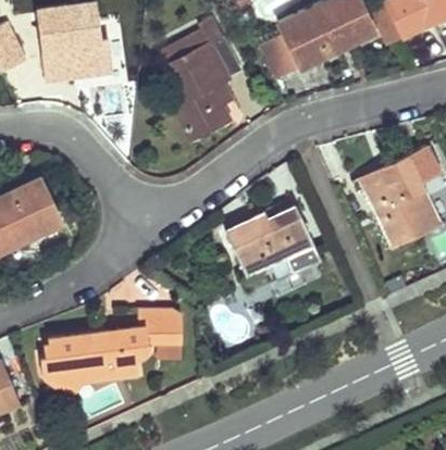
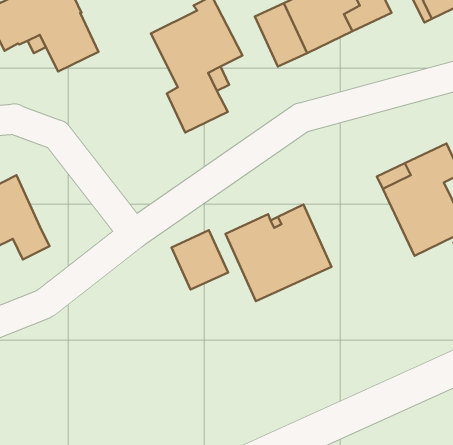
building: none -> [171,230,228,290]
building: [40,309,183,396] -> none

